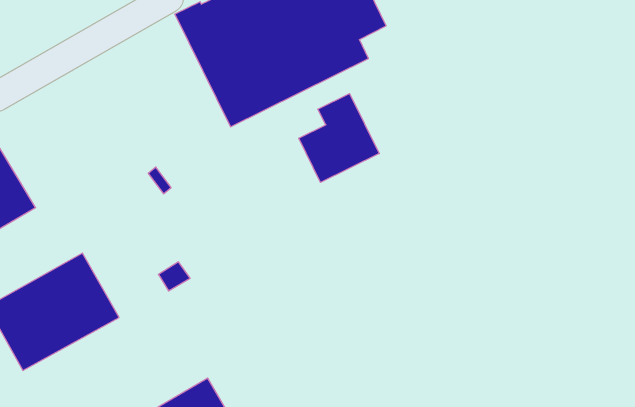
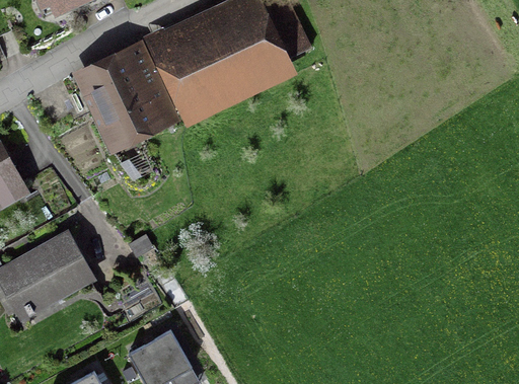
building: none -> [72,40,179,154]
building: [299,94,379,182] -> none

